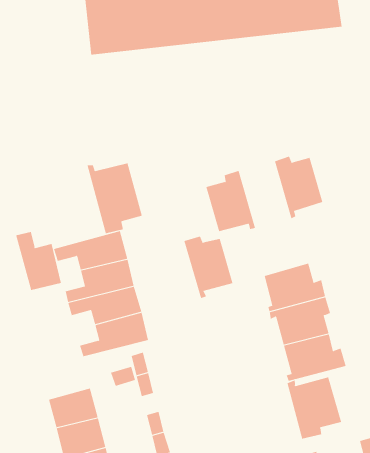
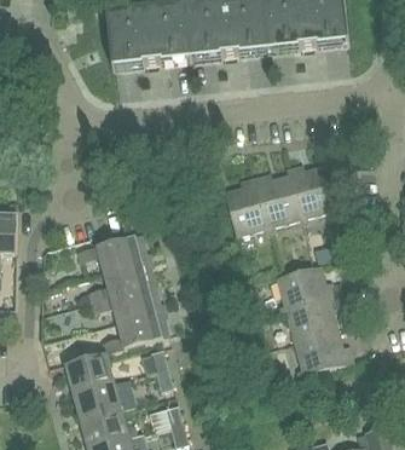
building: [87,163,142,234] -> none
building: [16,231,62,291] -> none
building: [184,232,235,299] -> [253,169,301,232]
building: none -> [66,353,114,393]
building: [287,377,342,439] -> none

